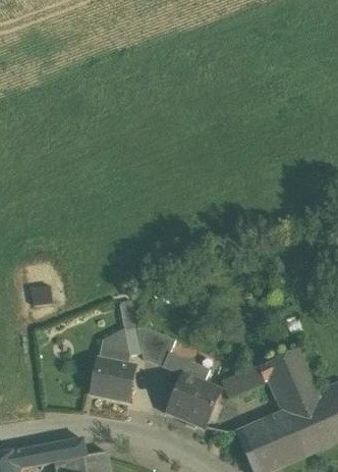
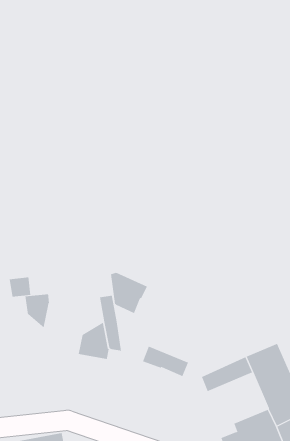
building: none -> [25,293,50,328]
building: [138,324,176,366] -> [110,272,148,314]
building: [92,359,134,399] -> none
building: [167,372,222,426] -> none

